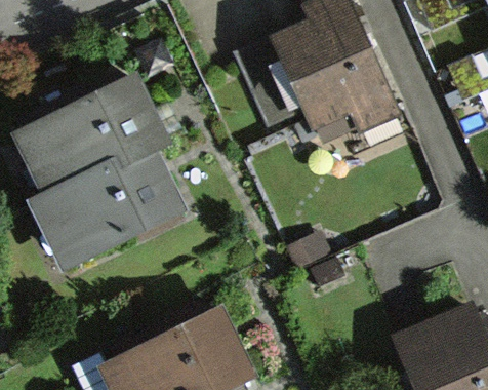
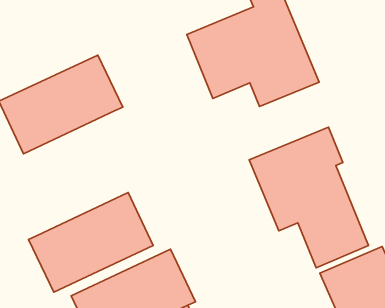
building: [35,144,182,262] -> [29,193,153,292]
building: none -> [249,127,369,268]

